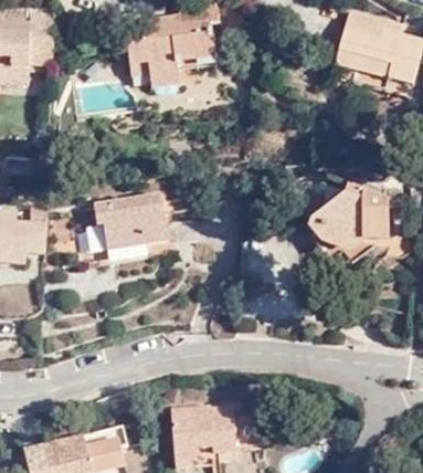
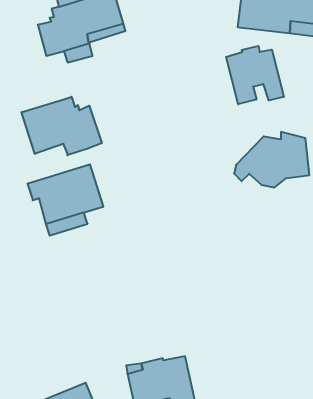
building: none -> [226,46,284,104]
building: none -> [22,97,102,155]

